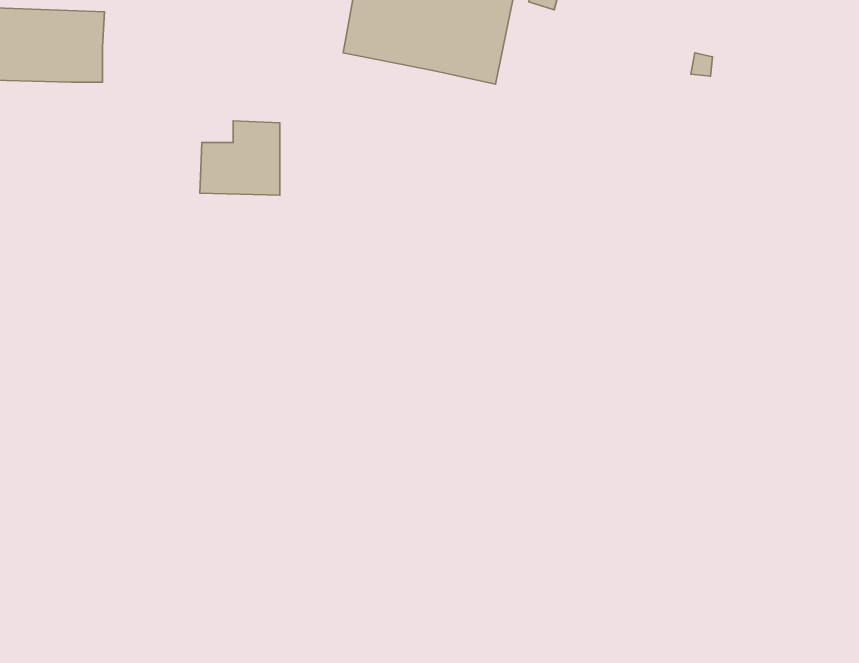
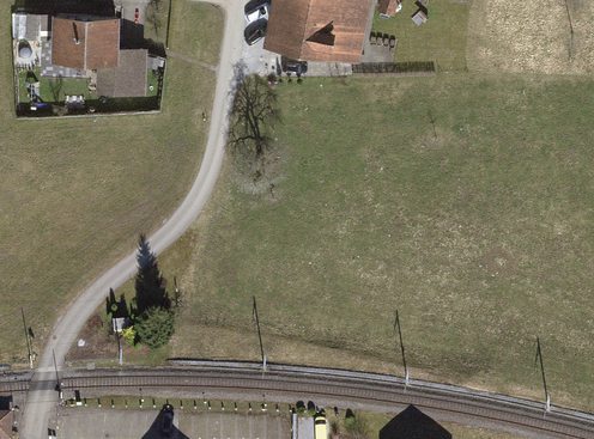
building: [200,121,280,195] -> [97,39,146,85]

